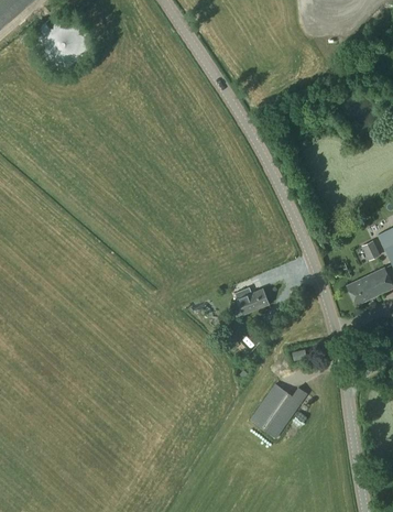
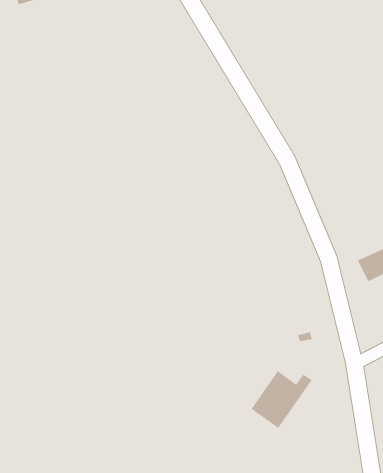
building: [236,285,270,313] -> none

